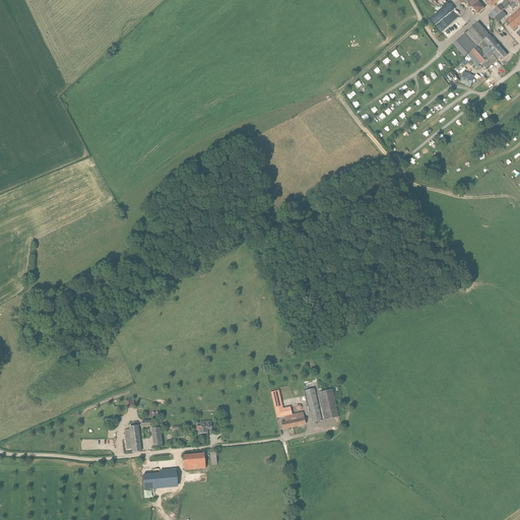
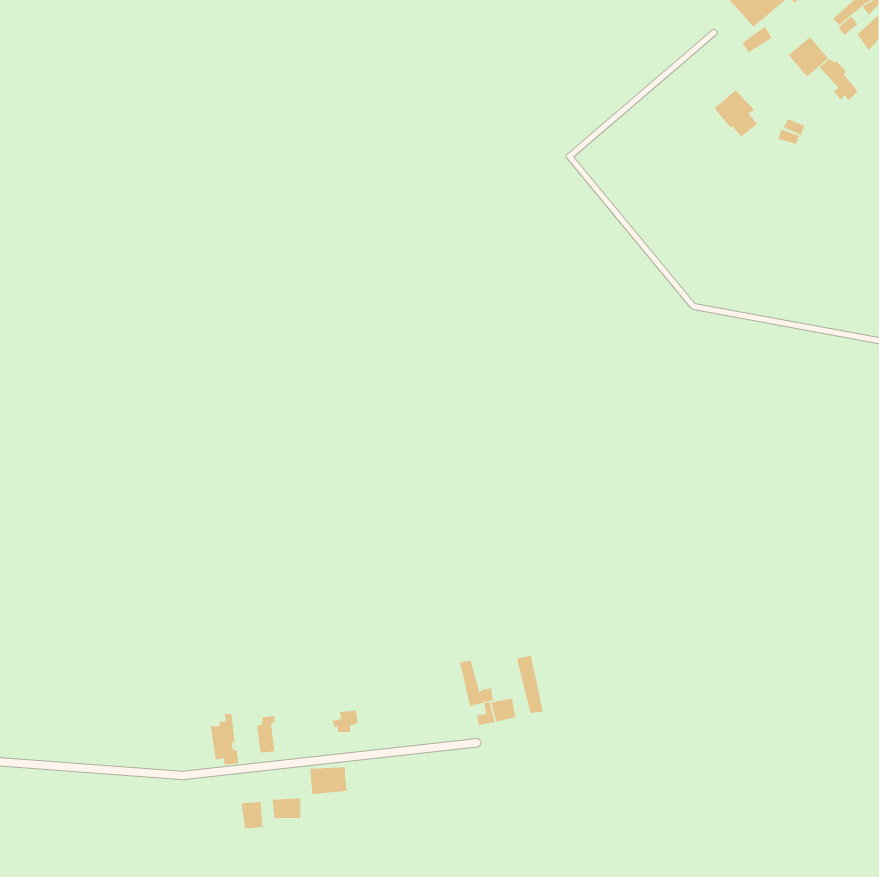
building: [470,40,497,68] -> [713,89,758,137]
building: [319,388,339,419] -> none

